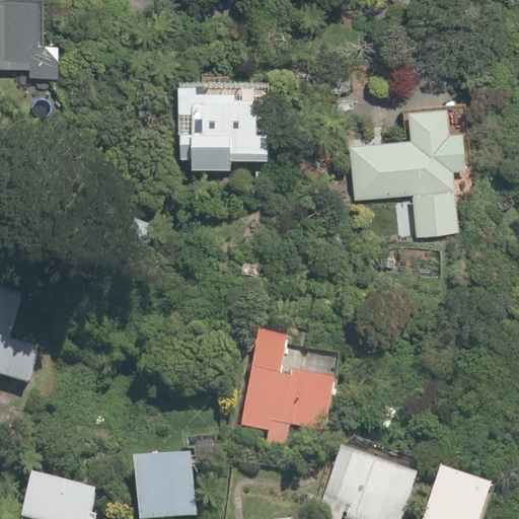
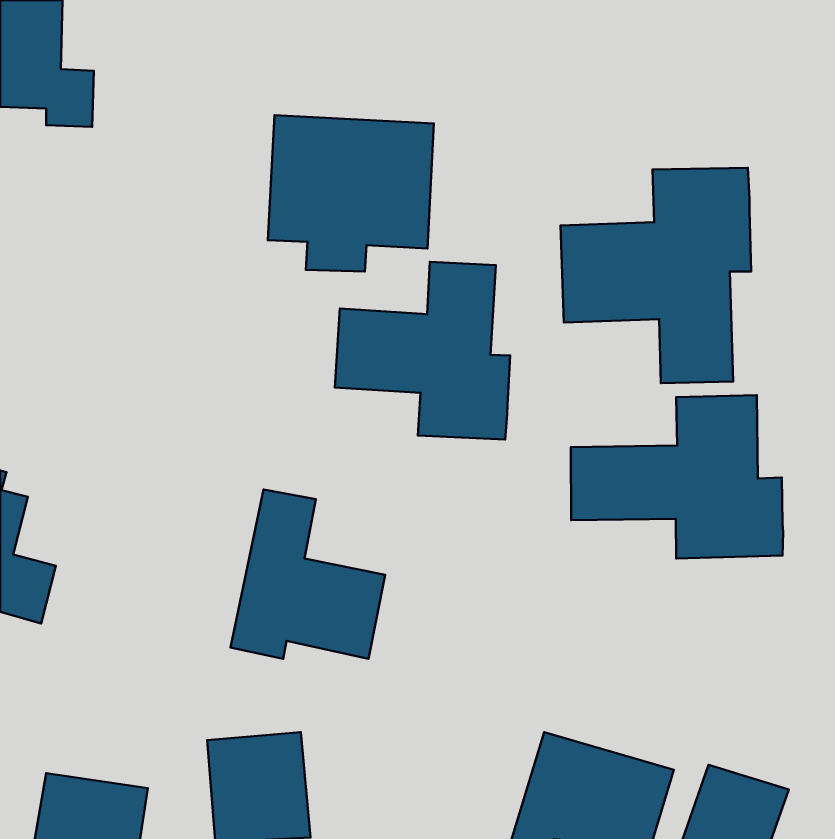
building: none -> [335,262,510,440]
building: none -> [571,395,783,558]
building: [238,328,333,433] -> [231,489,385,659]

